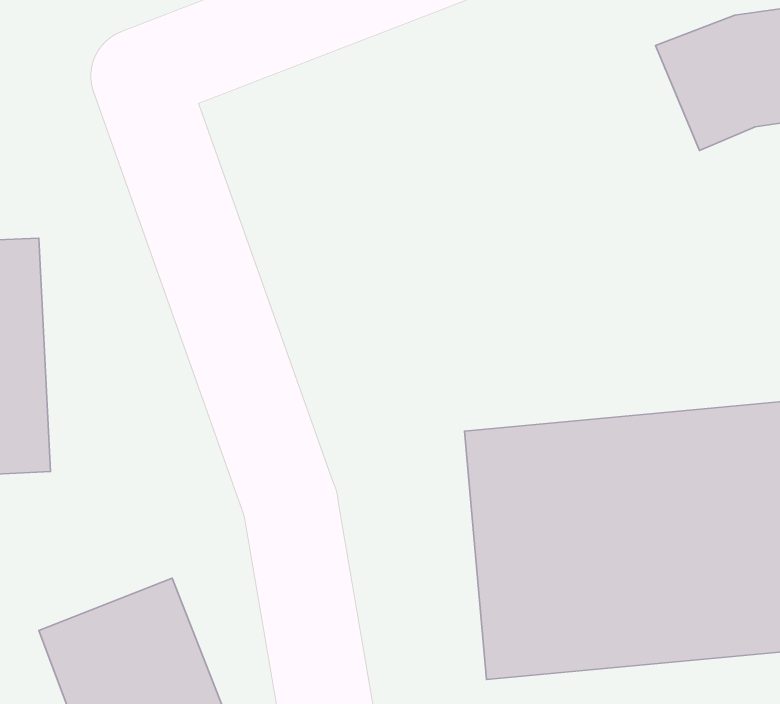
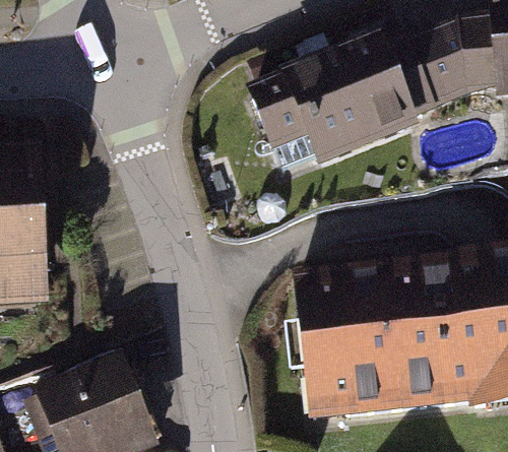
building: none -> [251,37,417,159]

